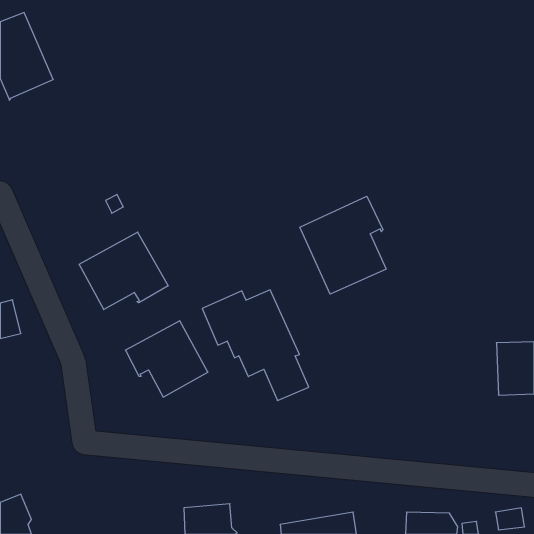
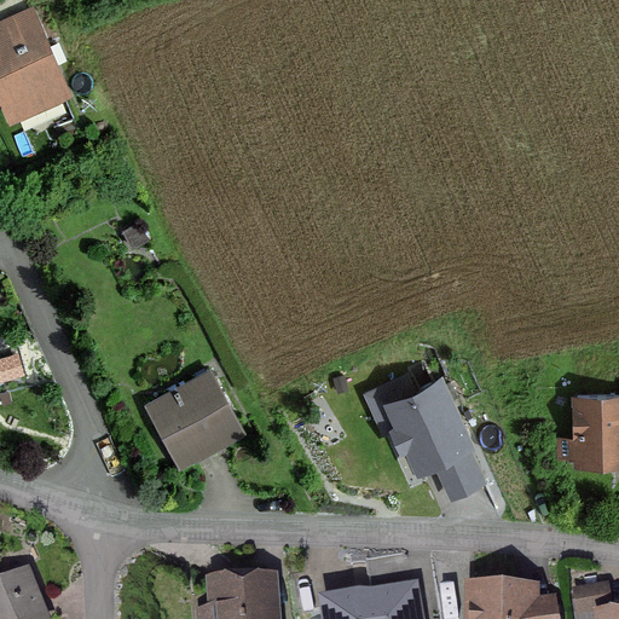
building: [300,196,386,294] -> none
building: [79,232,168,310] -> none
building: [202,290,309,401] -> [364,369,487,497]

